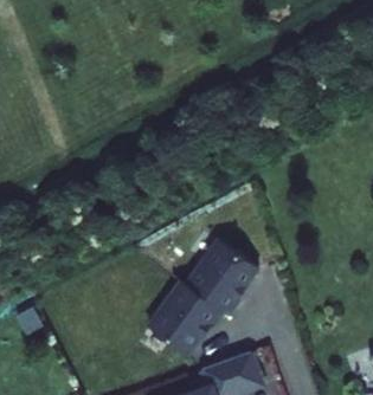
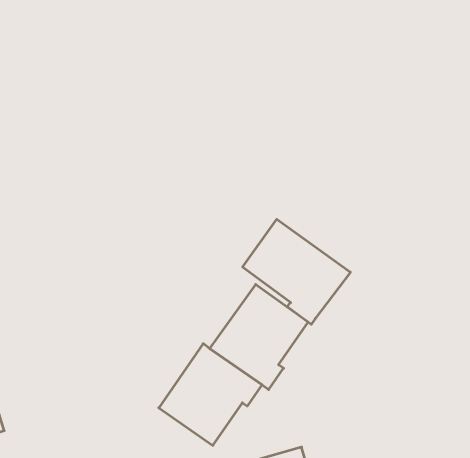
building: none -> [243,219,350,324]

